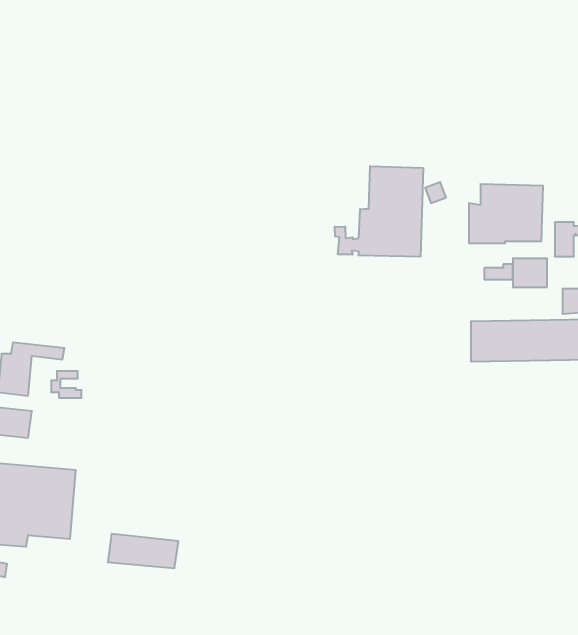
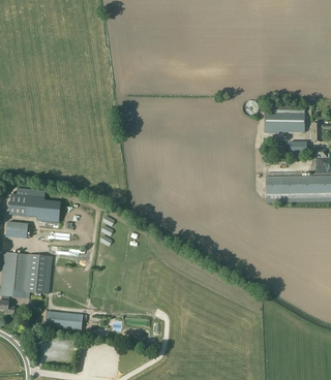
building: [335,166,423,257] -> none
building: [108,534,178,568] -> [44,311,83,329]

